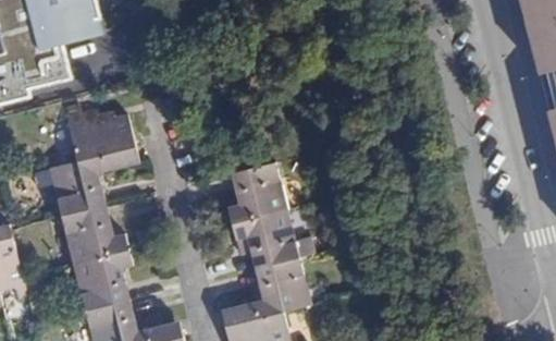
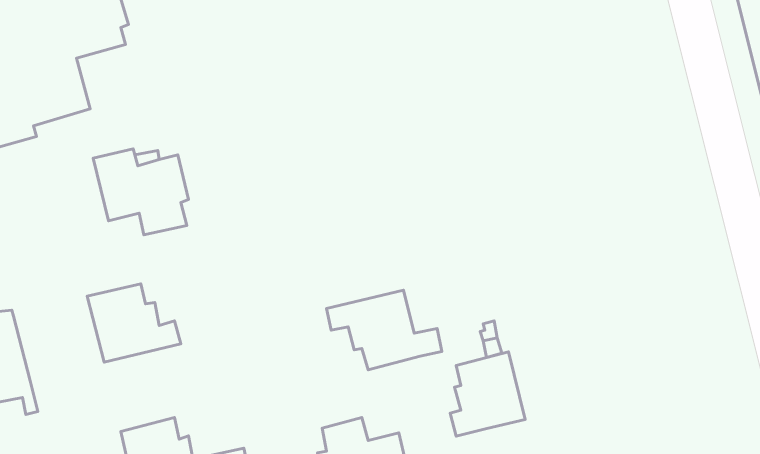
building: [52,156,103,215] -> none
building: [228,162,287,223] -> none
building: [75,248,134,310] -> none
building: [258,257,311,317] -> [450,352,525,436]

